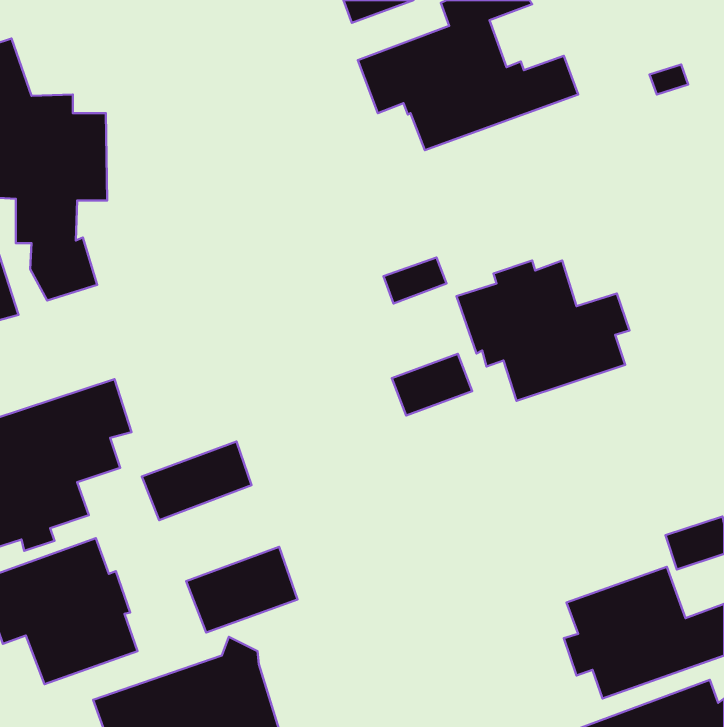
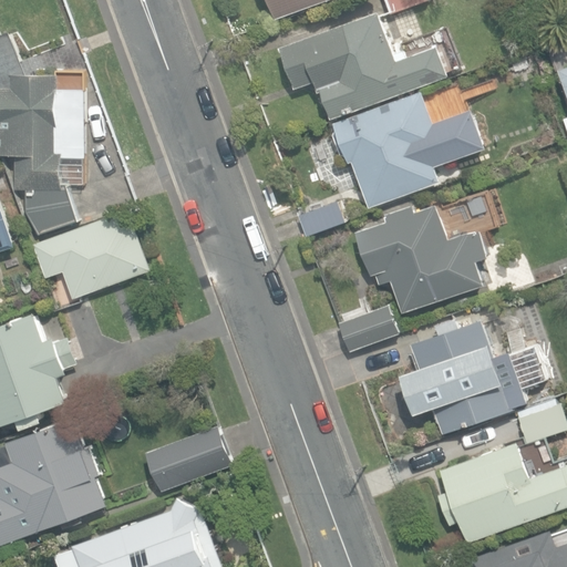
building: none -> [331,91,485,209]
building: none -> [31,212,148,300]
building: [392,354,472,415] -> [337,306,399,353]
building: none -> [401,318,546,436]
building: [142,441,251,520] -> none

